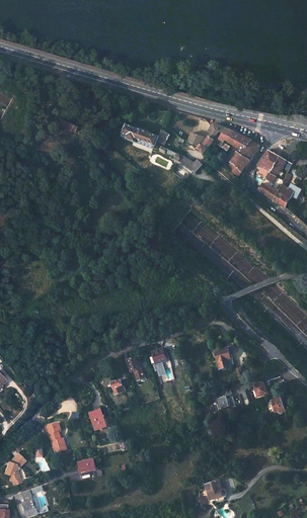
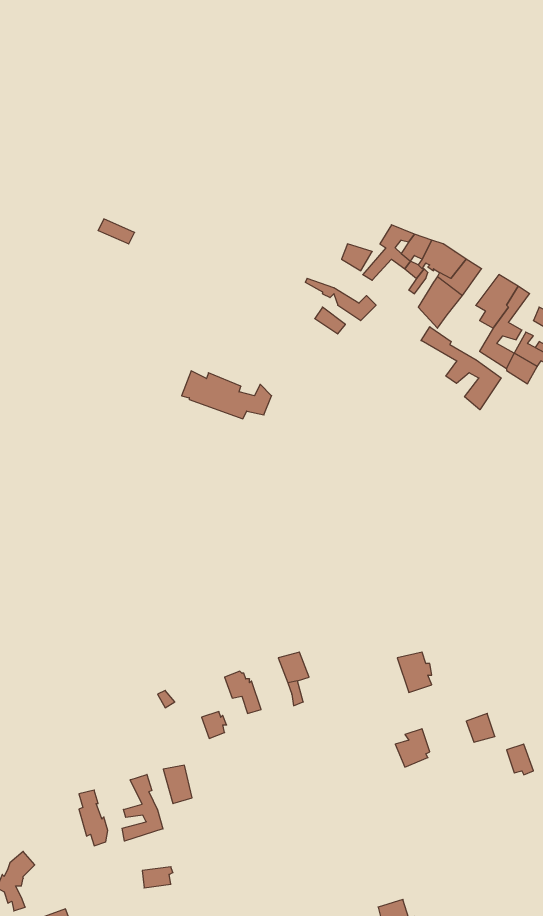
building: [121,123,168,149] -> [182,371,272,419]
building: none -> [421,327,501,410]
building: none -> [122,774,163,841]

